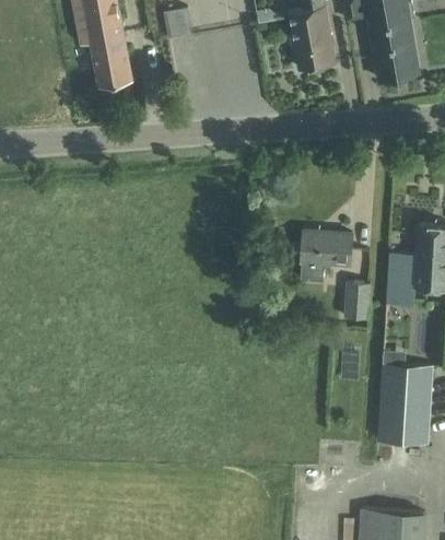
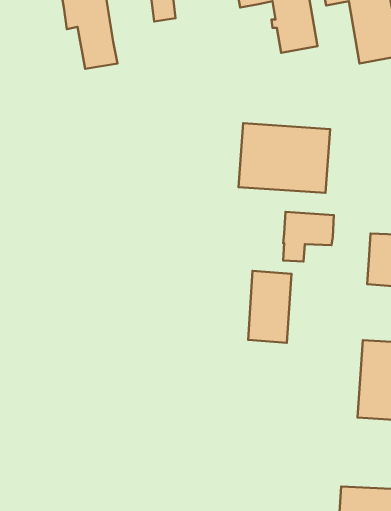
building: none -> [239,123,330,193]
building: [343,283,370,321] -> none
building: none -> [248,271,291,343]

